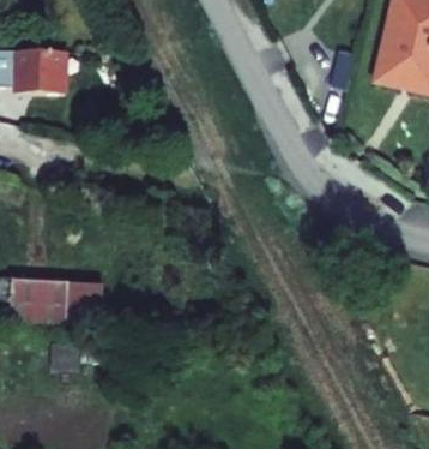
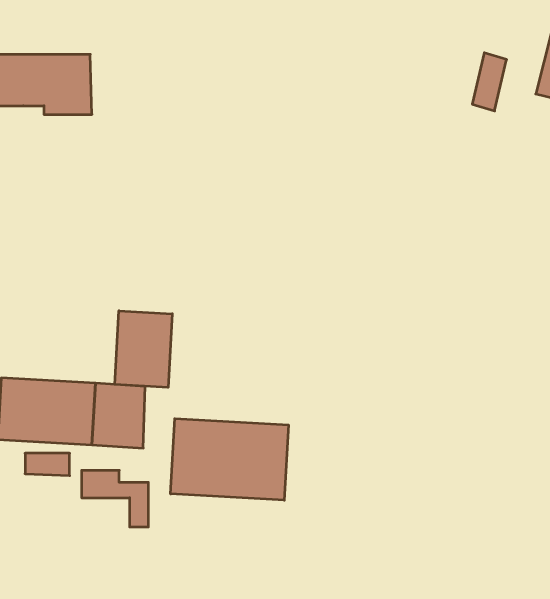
building: none -> [115,311,172,387]
building: none -> [171,419,288,500]

